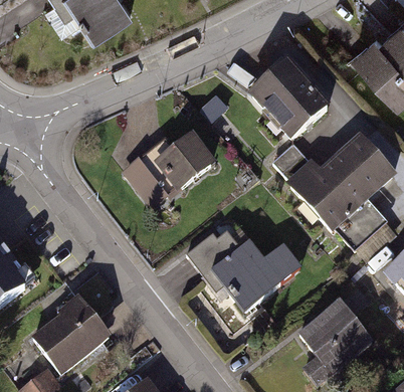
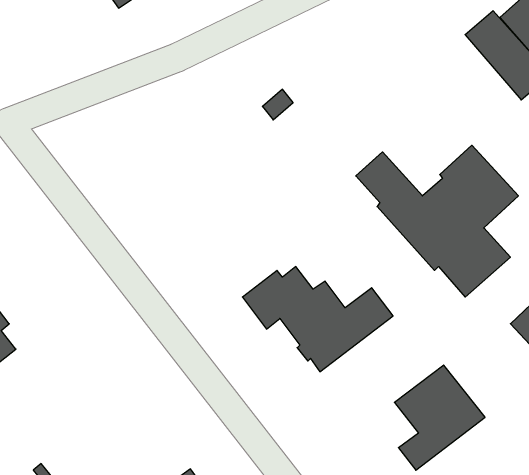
building: [252,63,328,139] -> none
building: [124,135,213,195] -> none
building: [37,297,105,371] -> none

